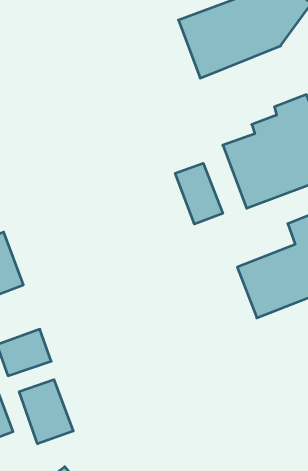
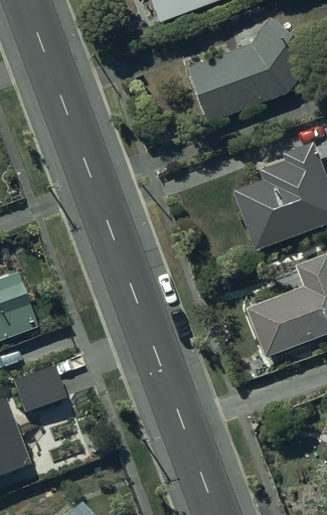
building: [175,163,223,224] -> none
building: [19,380,73,444] -> none

